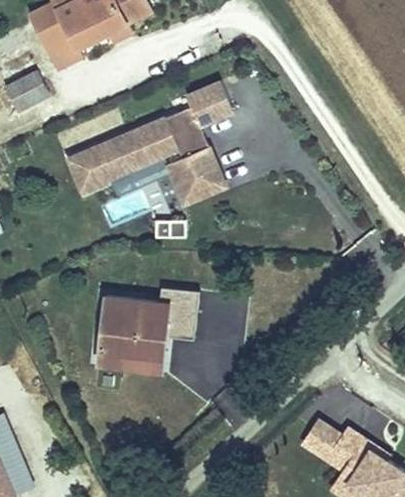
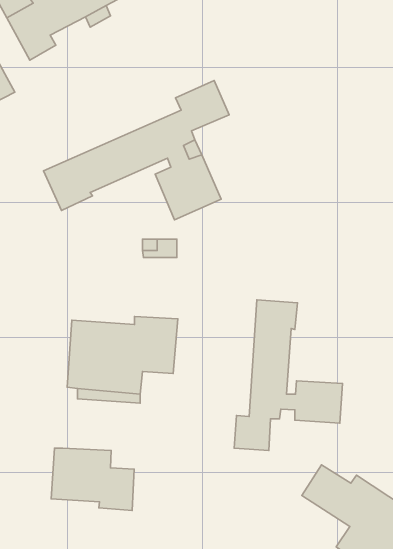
building: none -> [234,300,343,450]
building: none -> [51,448,134,510]

